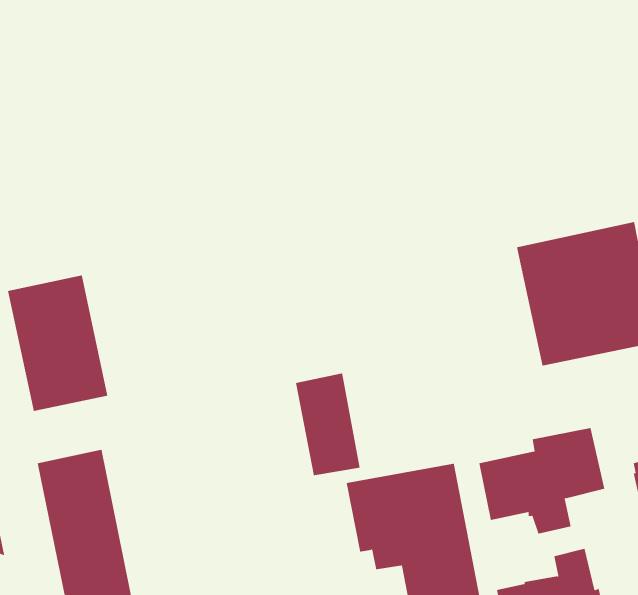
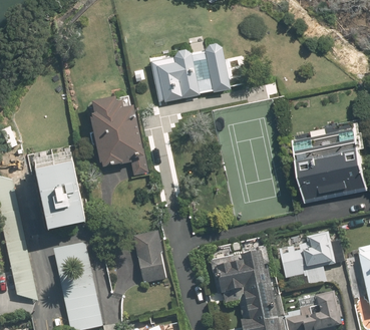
building: none -> [149,41,230,100]
building: none -> [88,93,146,175]
building: [295,373,361,476] -> [134,231,167,283]

